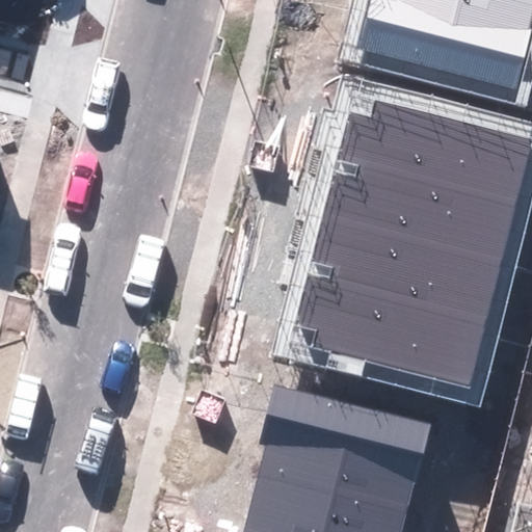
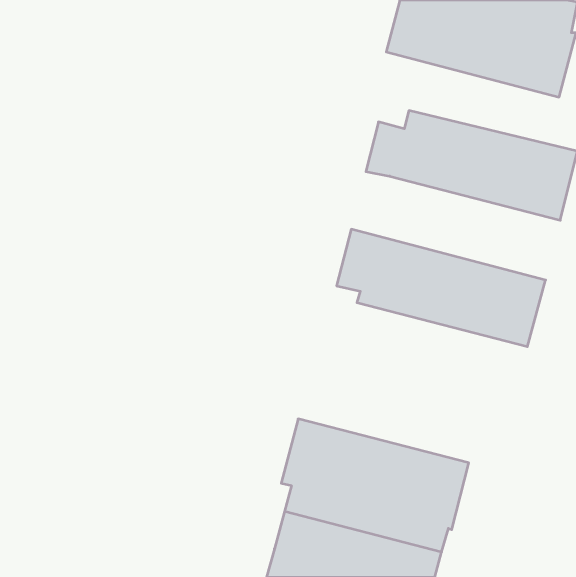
building: [324,162,516,258] -> none
building: [297,274,486,385] -> none

